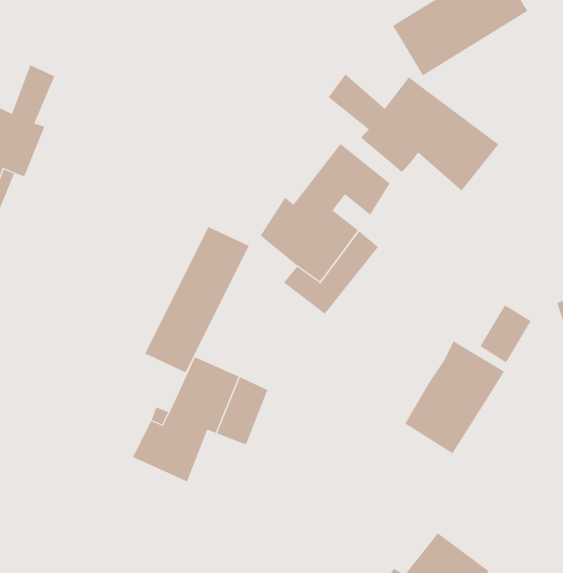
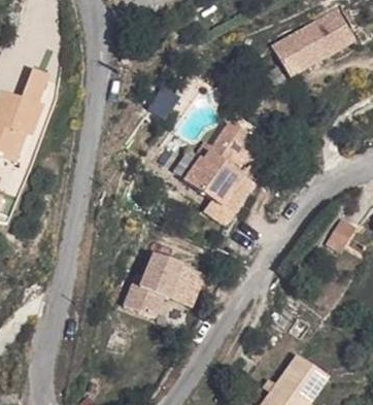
building: [328,74,499,192] -> none
building: [144,226,250,373] -> none
building: [405,340,505,454] -> none

